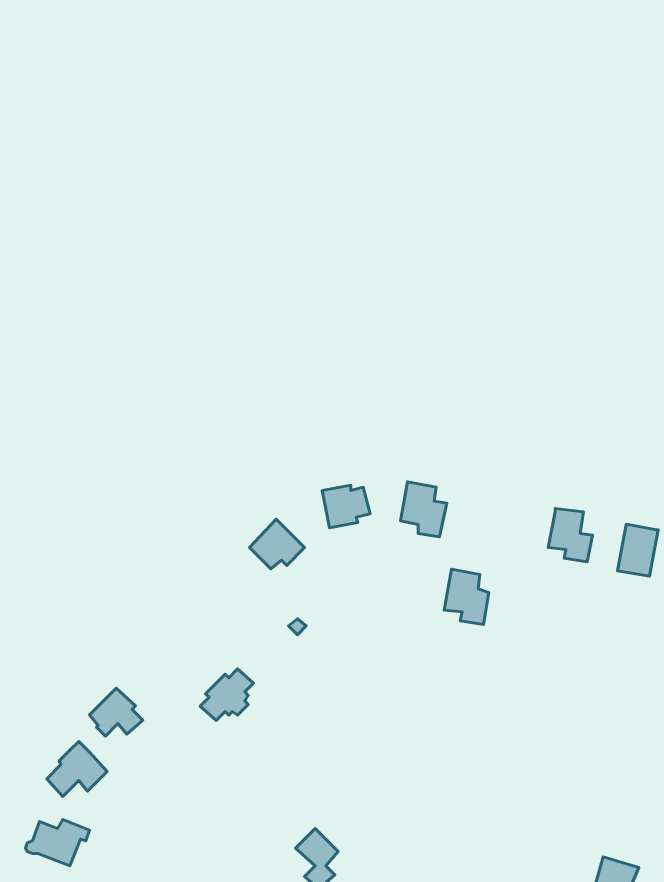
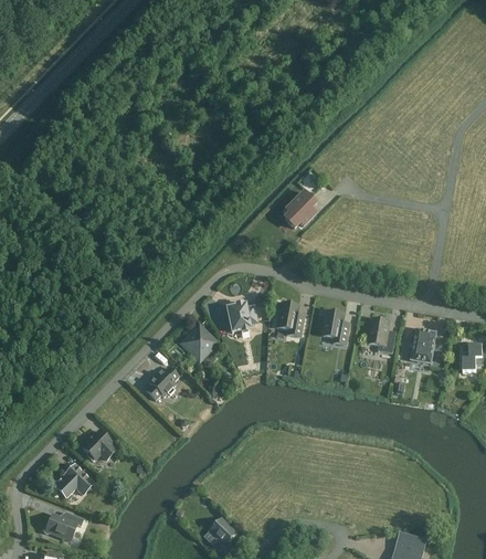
building: none -> [284,191,315,226]
building: [444,569,489,624] -> [321,309,349,344]
building: [200,669,254,720] -> [145,367,178,399]

